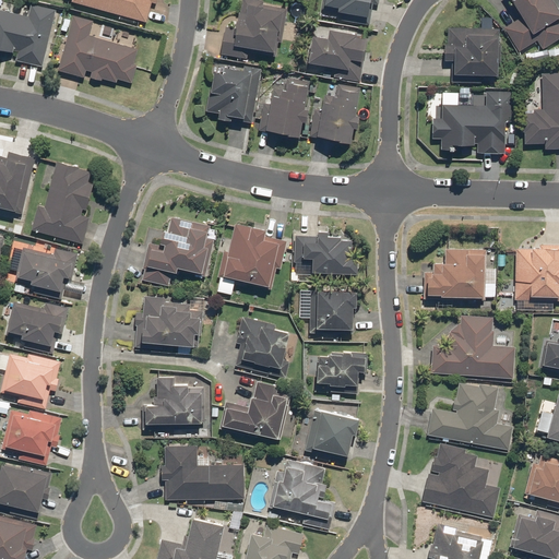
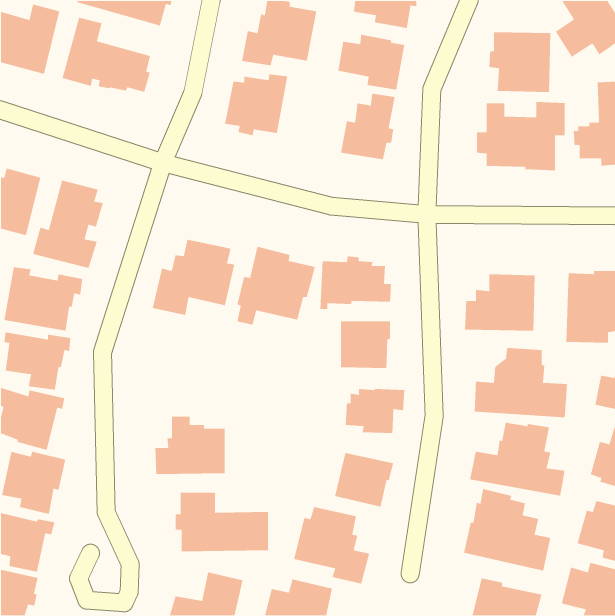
building: [259,78,309,140] -> none
building: [133,295,203,349] -> none
building: [234,316,289,378] -> none
building: [218,380,292,443] -> none

